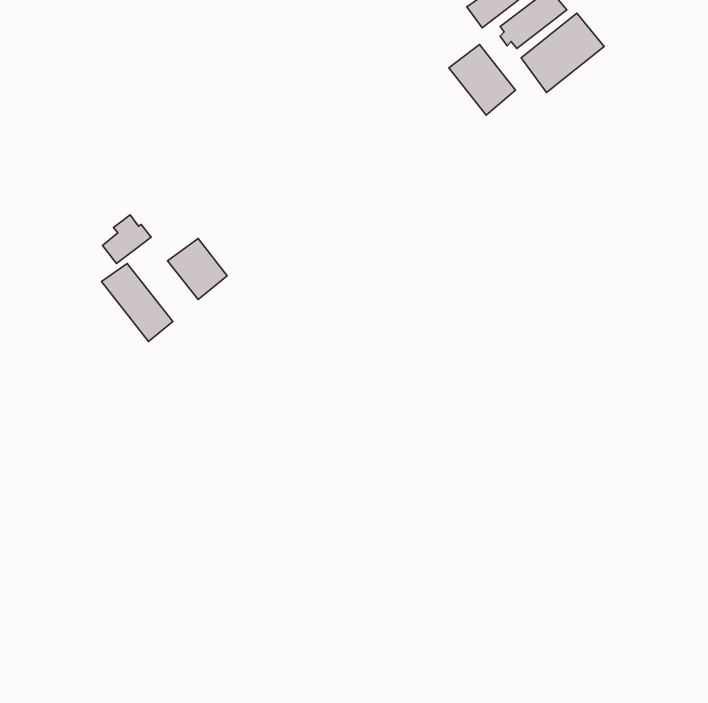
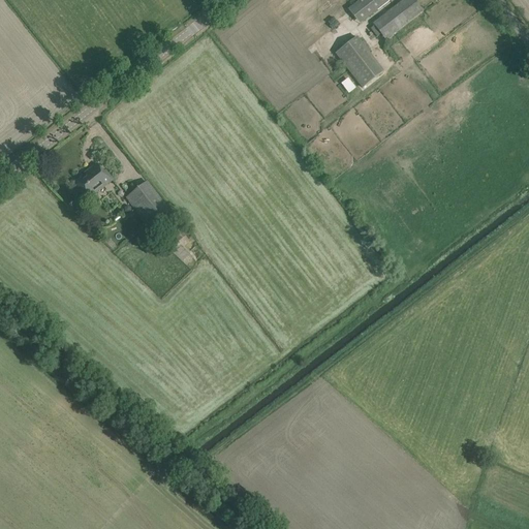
building: [521,13,604,92] -> none
building: [101,264,173,341] -> none

